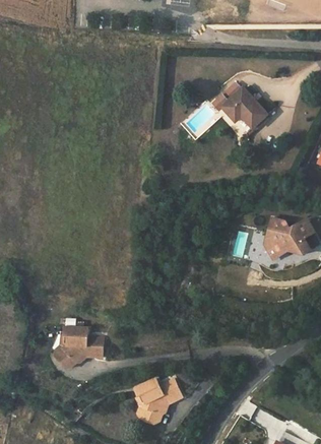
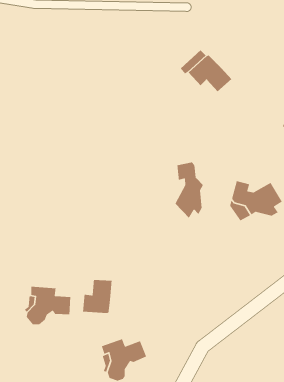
building: none -> [174,162,204,219]
building: none -> [82,279,112,314]

